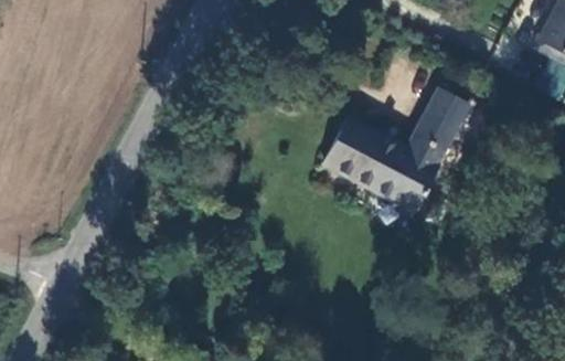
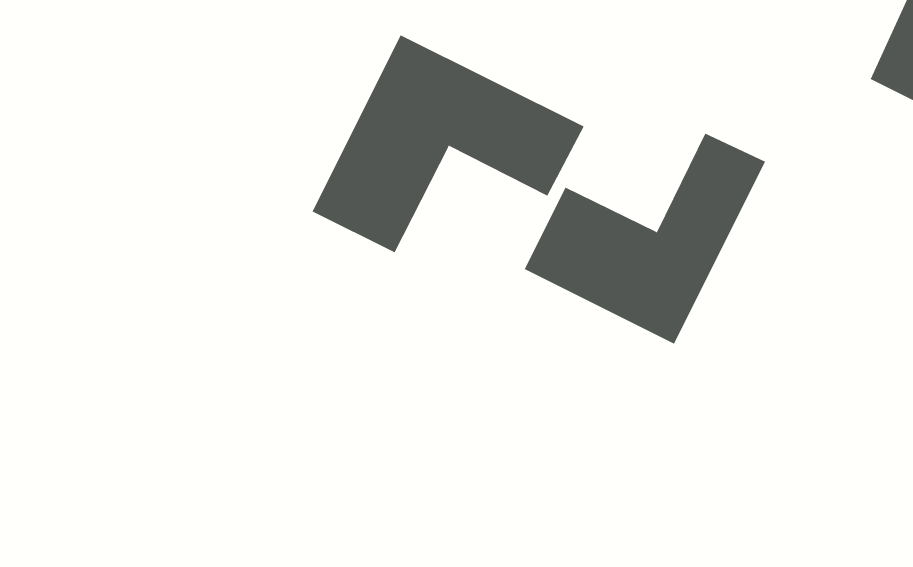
building: none -> [312,34,584,253]

